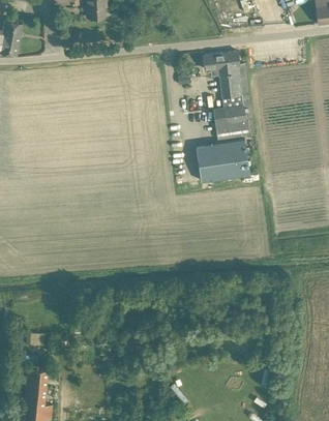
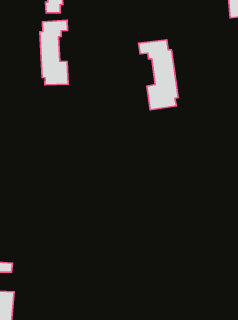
building: none -> [40,20,68,85]
building: [196,139,250,180] -> none

